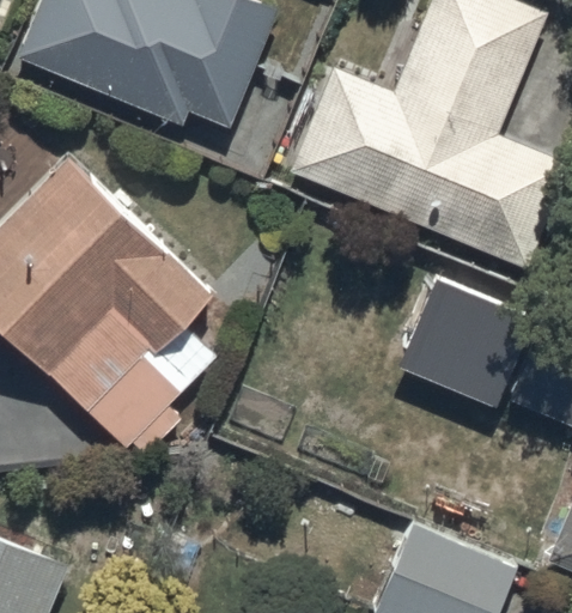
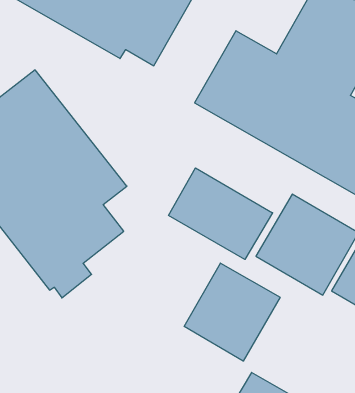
building: none -> [169,168,273,259]
building: none -> [184,263,280,361]

